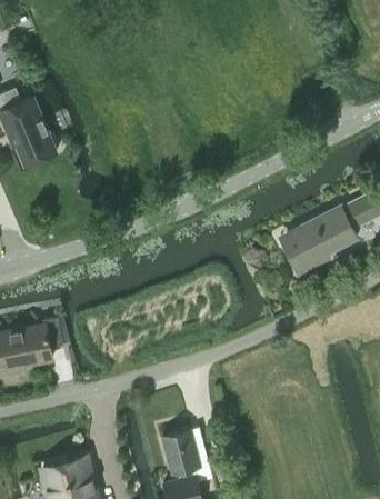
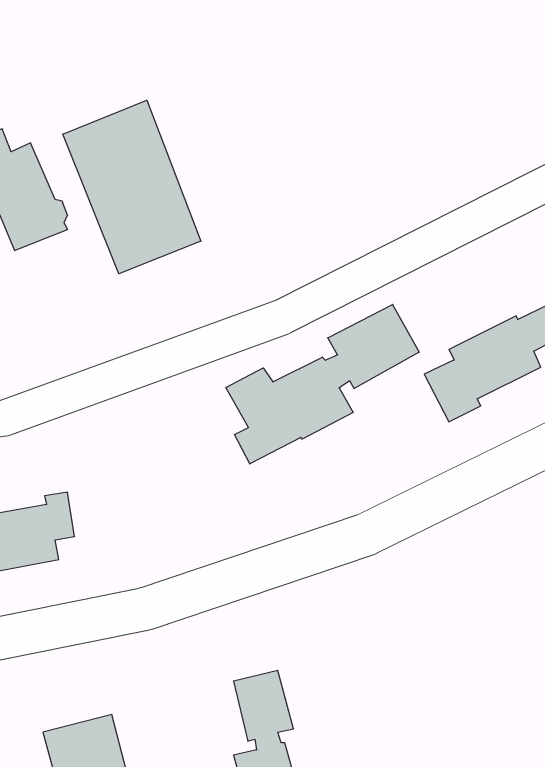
building: none -> [63,100,201,274]
building: none -> [226,304,419,464]

